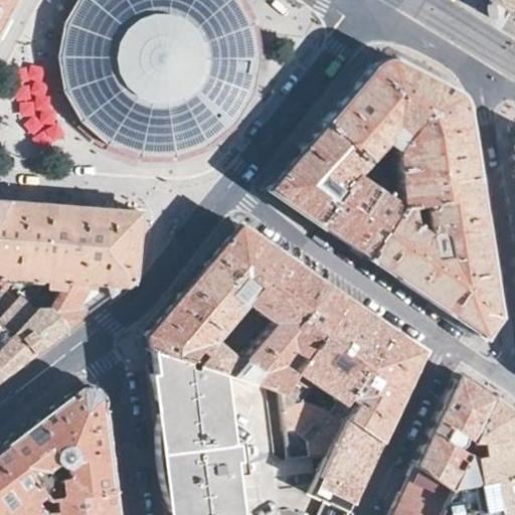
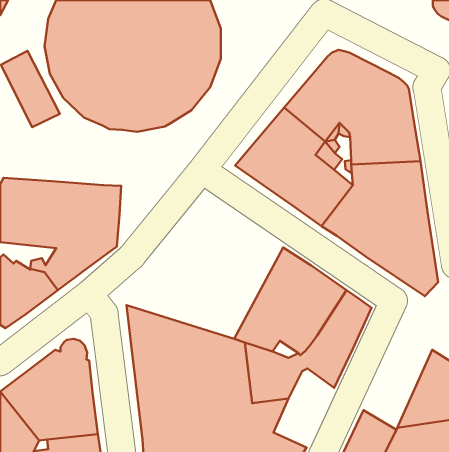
building: [148,225,327,386] -> none
building: [417,374,495,489] -> none
building: [316,419,384,509] -> none

